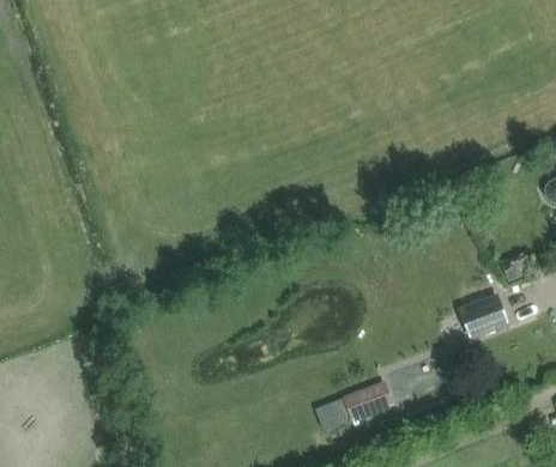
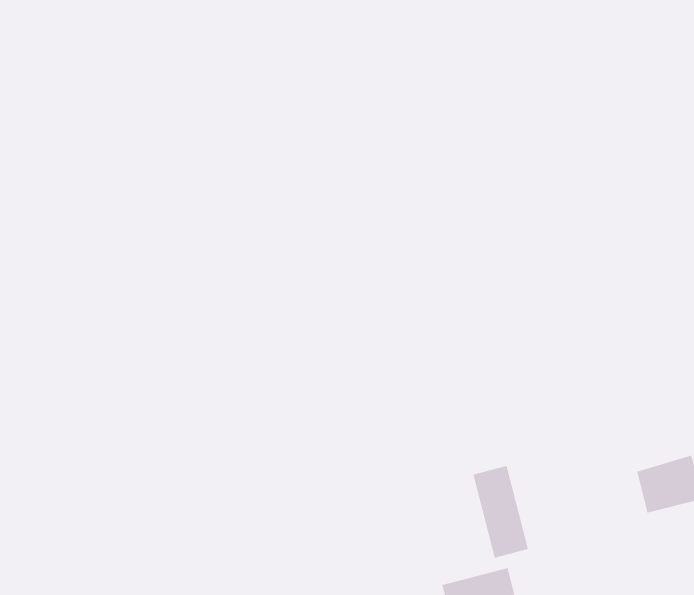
building: none -> [473,465,529,559]

